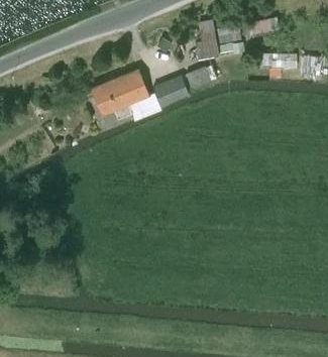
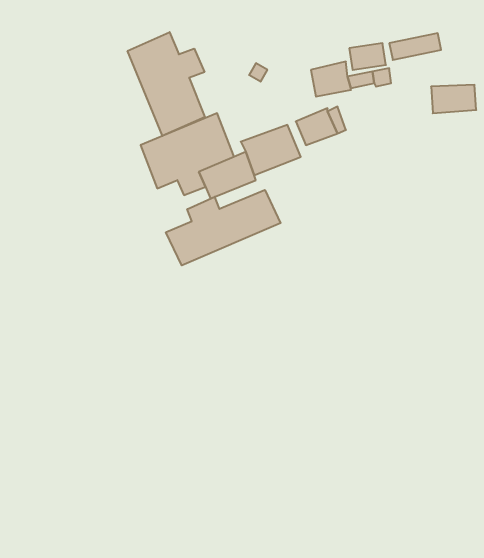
building: none -> [128,32,205,136]
building: none -> [166,190,281,265]

